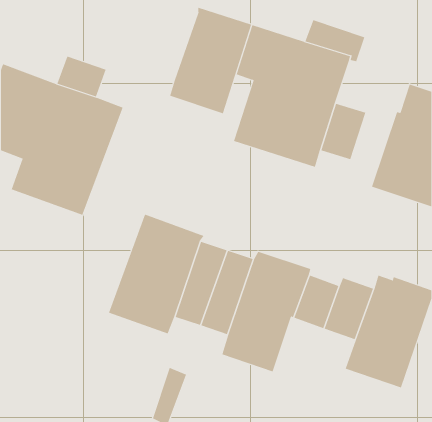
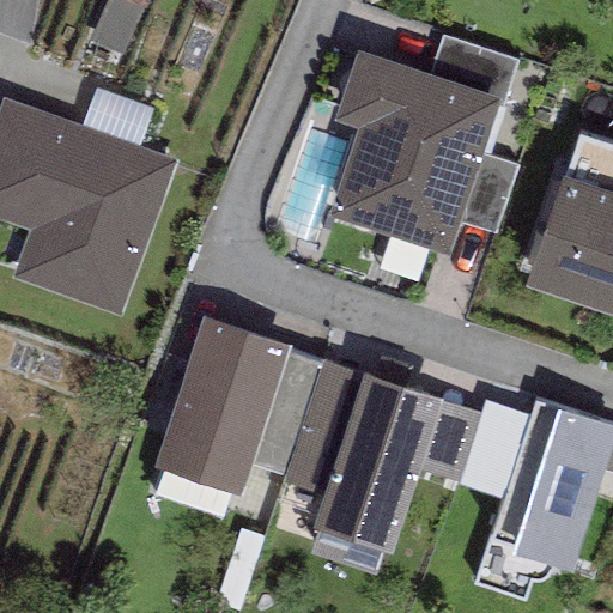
building: [170,7,252,114] -> none

